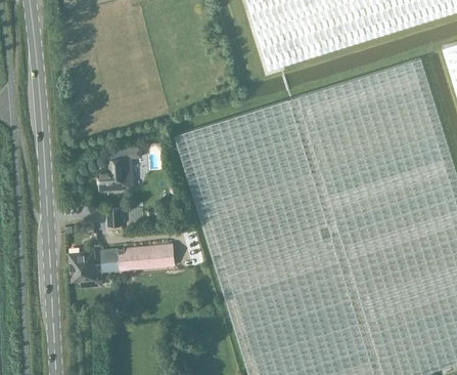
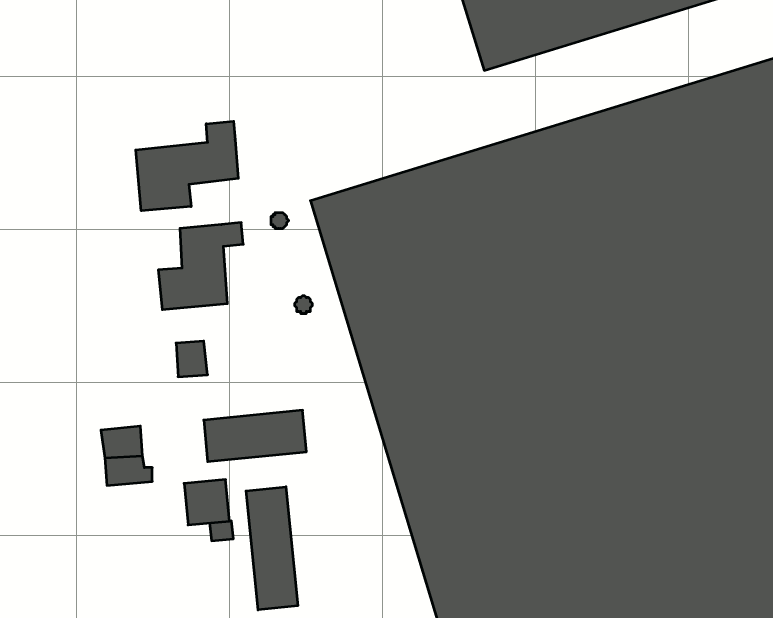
building: none -> [136,121,238,211]
building: [100,248,124,272] -> [184,480,230,525]
building: none -> [246,487,298,610]

